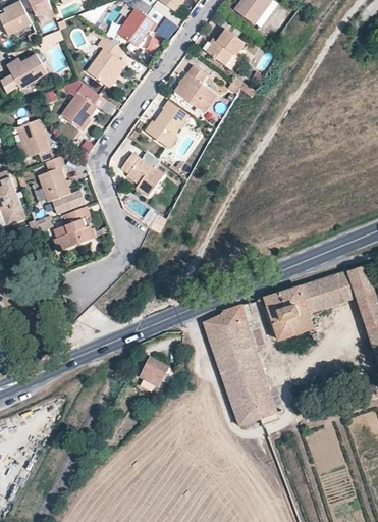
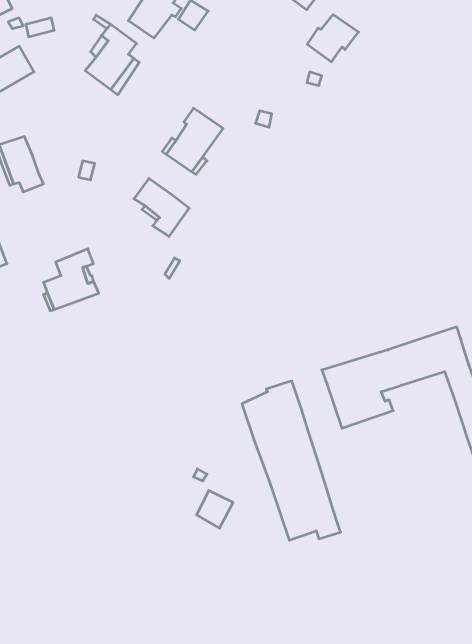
building: [205,30,244,65] -> [307,15,359,62]
building: [174,66,217,113] -> none
building: [62,84,106,128] -> none
building: [38,156,86,213] -> none
building: [140,357,167,385] -> [197,490,233,528]

